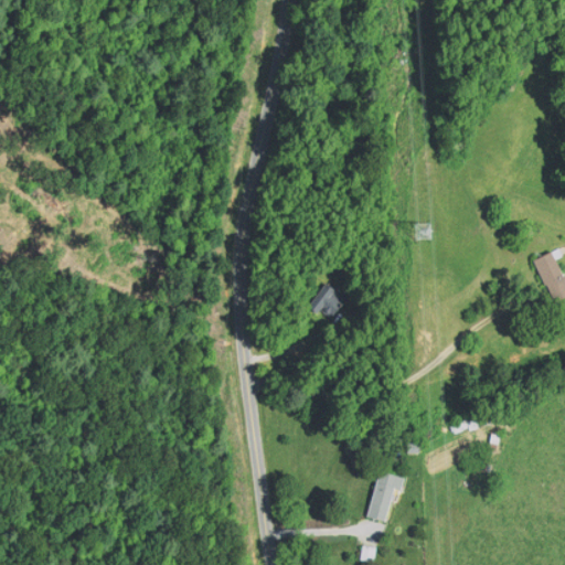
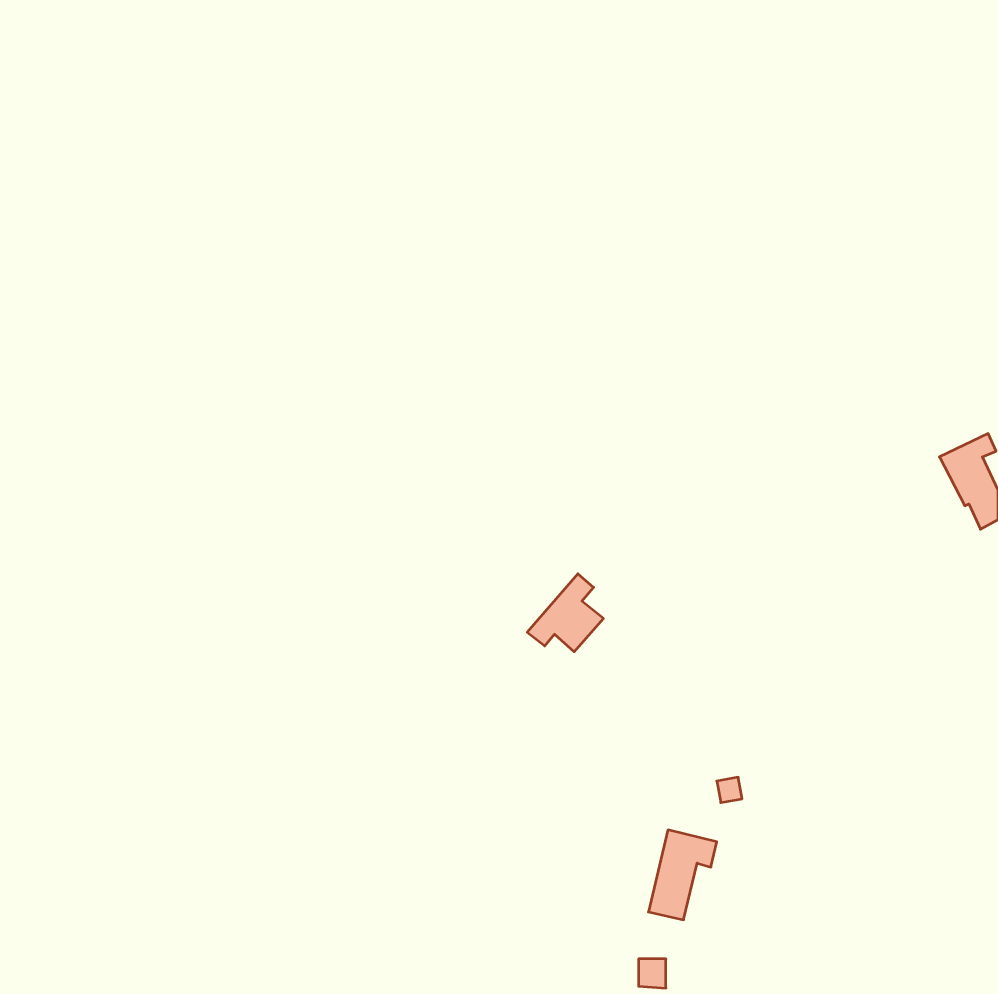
building: [303,276,347,320] -> [527,574,603,652]

